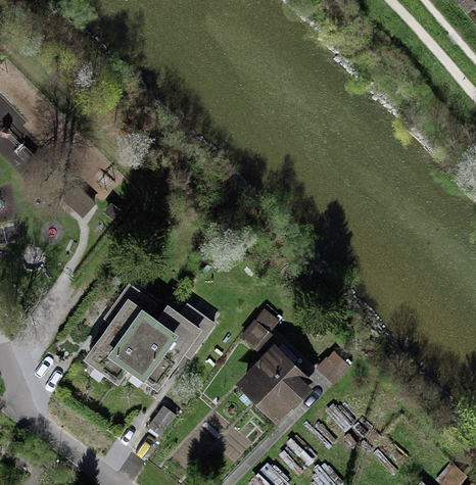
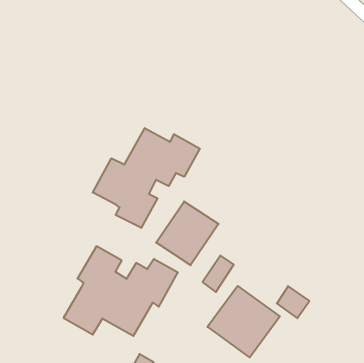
building: none -> [93,128,200,228]
building: none -> [156,201,219,265]

